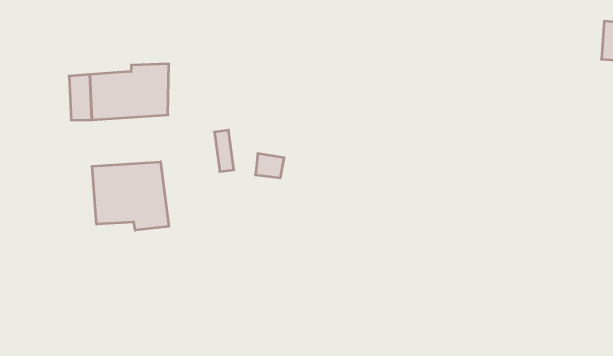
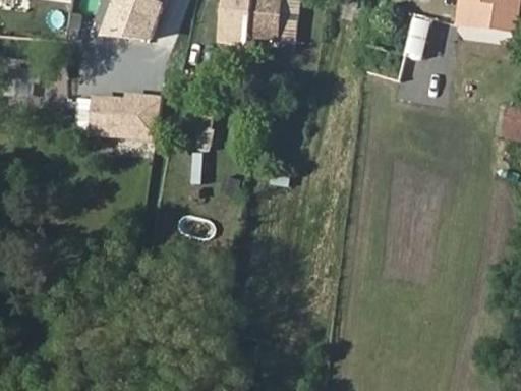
building: [92,162,169,230] -> none

